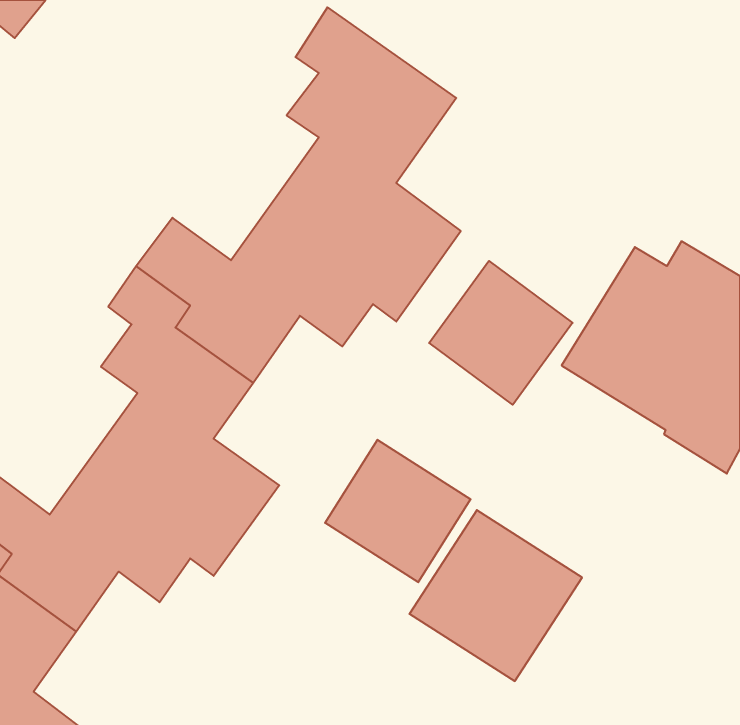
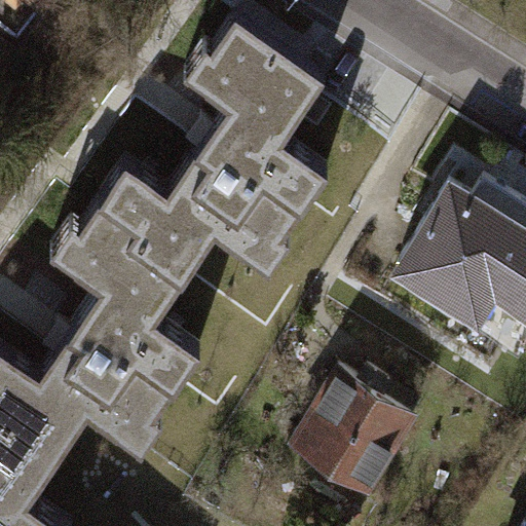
building: [429,261,573,405] -> none
building: [325,440,471,582] -> none

